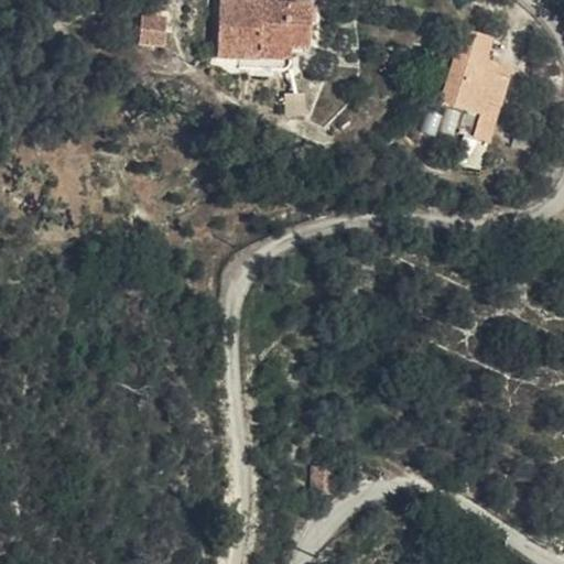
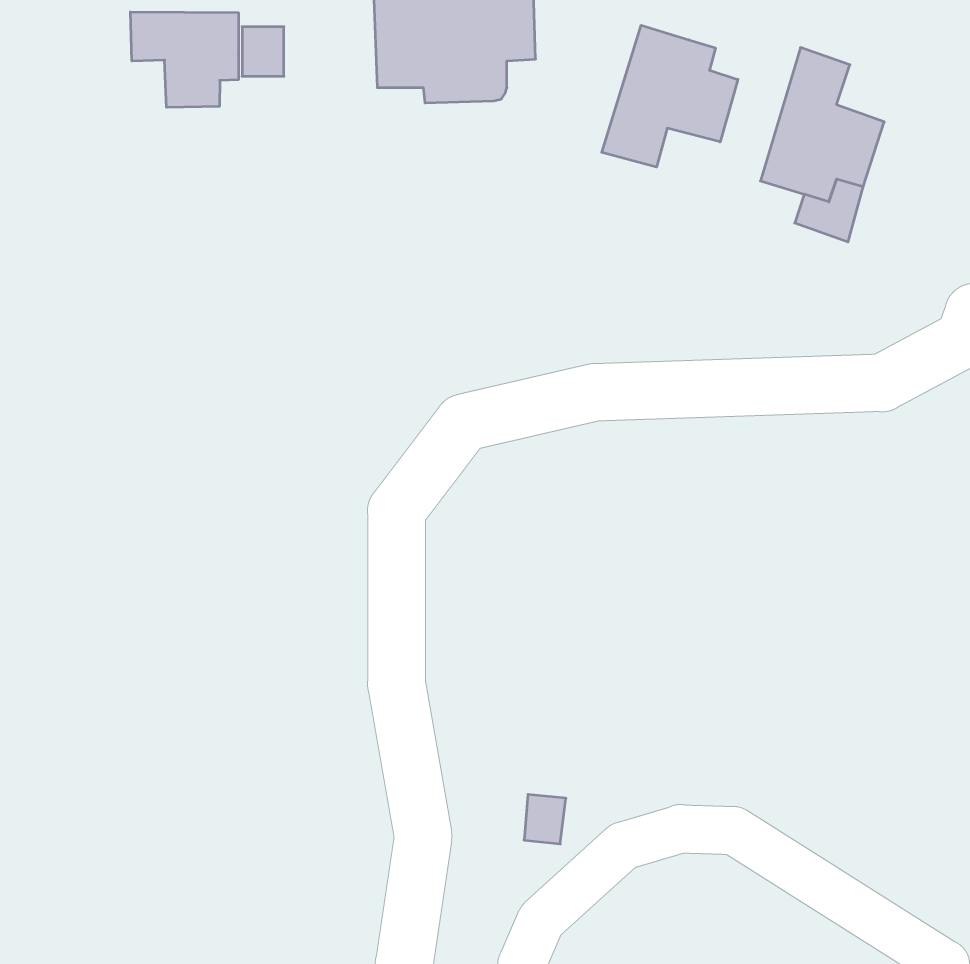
building: none -> [130,12,238,107]
building: none -> [602,25,738,167]

